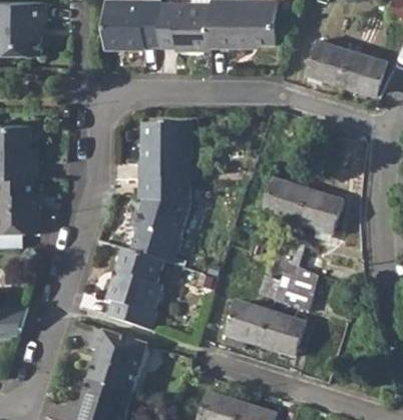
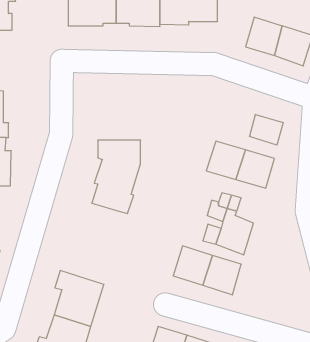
building: [138,122,194,179] -> none
building: none -> [249,114,283,145]
building: [105,249,162,330] -> none

